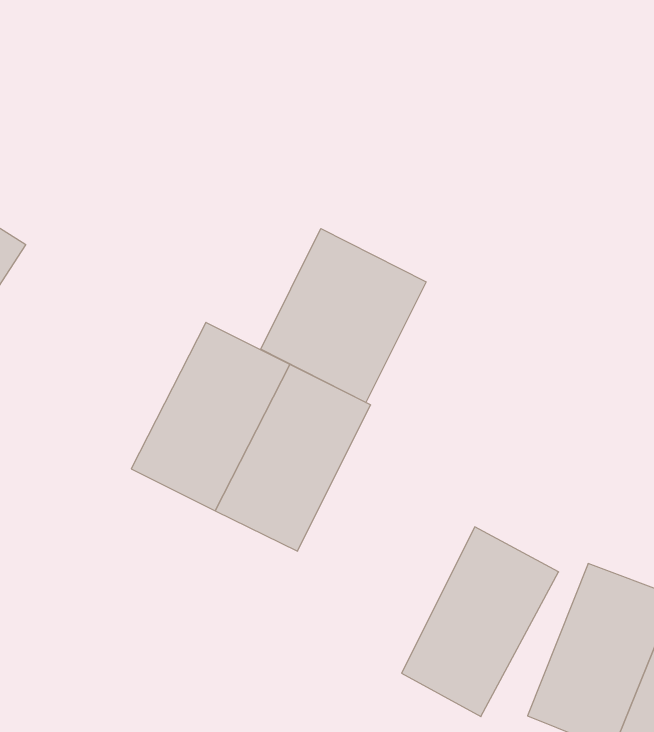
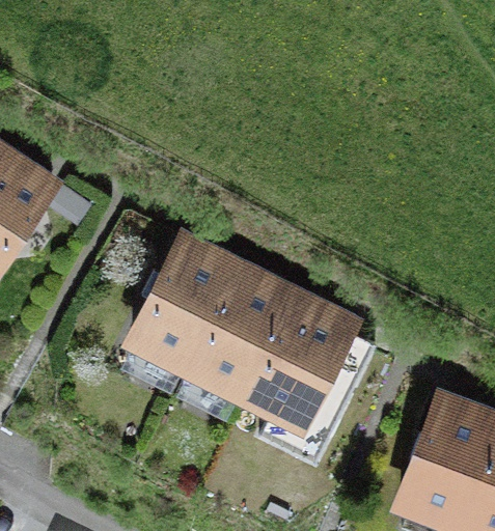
building: [261,229,426,403] -> none
building: [402,527,559,717] -> [244,290,349,417]

